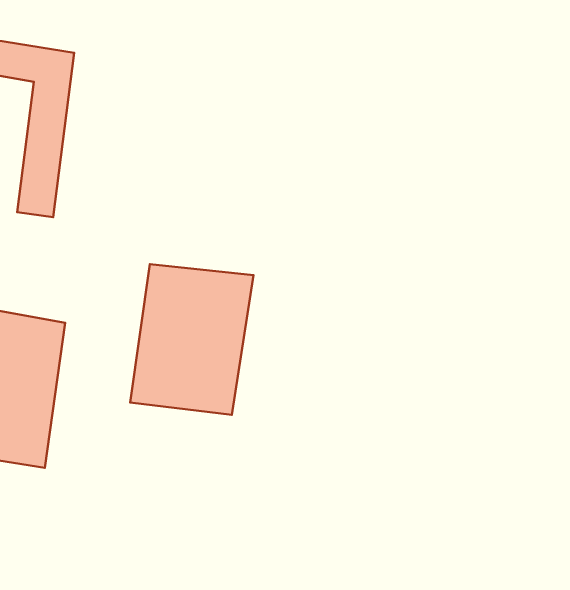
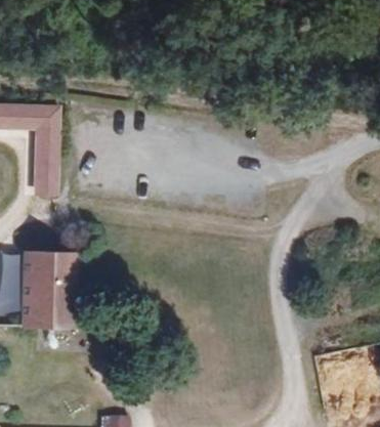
building: [130,264,253,415] -> none

